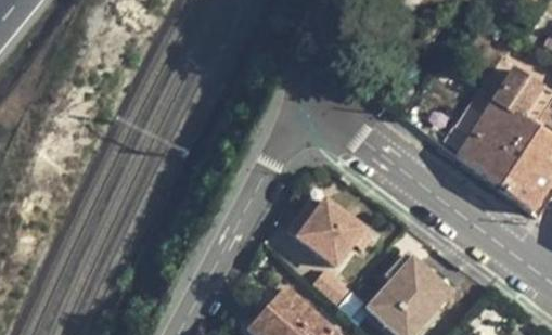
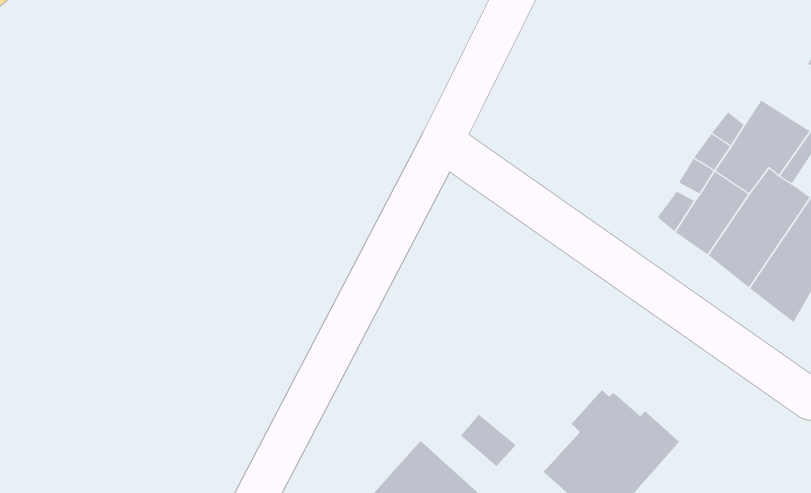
building: [290,201,376,269] -> none

